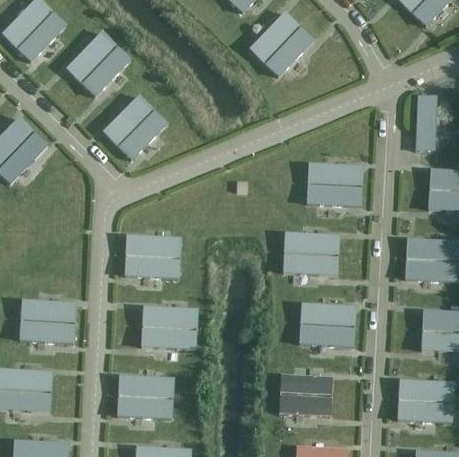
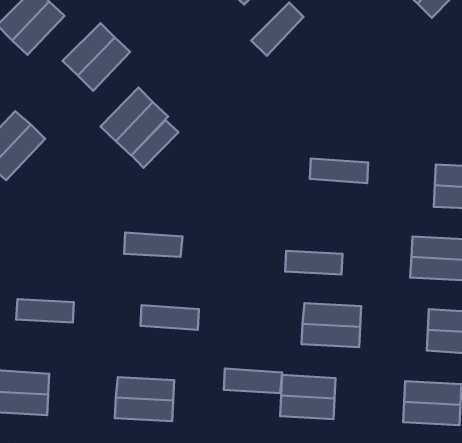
building: [264,24,315,76] -> none
building: [414,94,437,149] -> none
building: none -> [131,120,178,168]
building: [305,182,362,206] -> none
building: [283,232,340,255] -> none
building: [124,255,180,278] -> none
building: [19,319,75,342] -> none
building: [140,325,197,349] -> [224,368,282,393]

